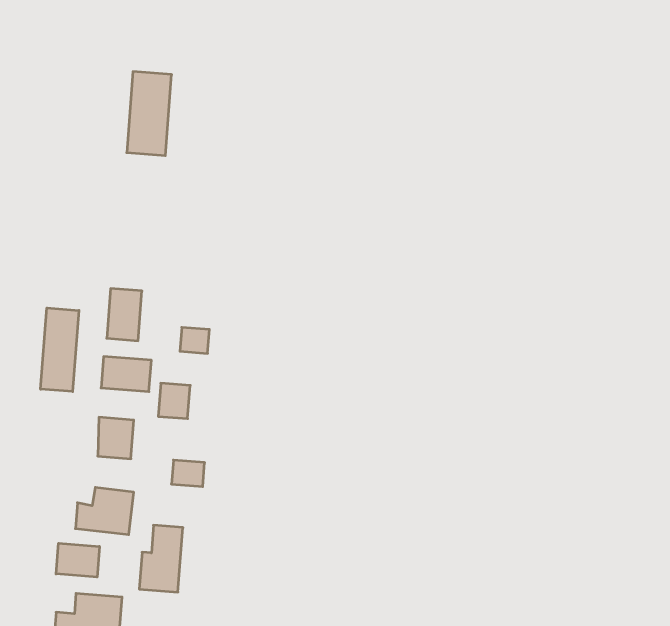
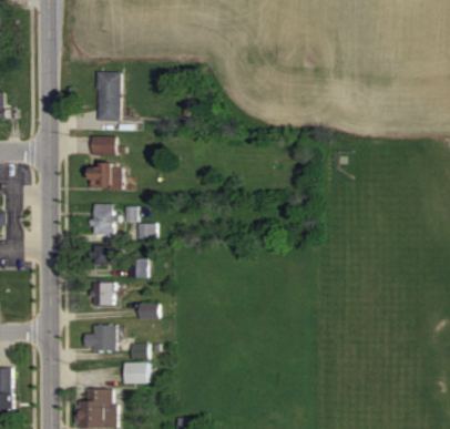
building: none -> [91,137,115,155]
building: none -> [91,164,121,188]
building: [41,308,79,392] -> none
building: [56,543,99,577] -> none

